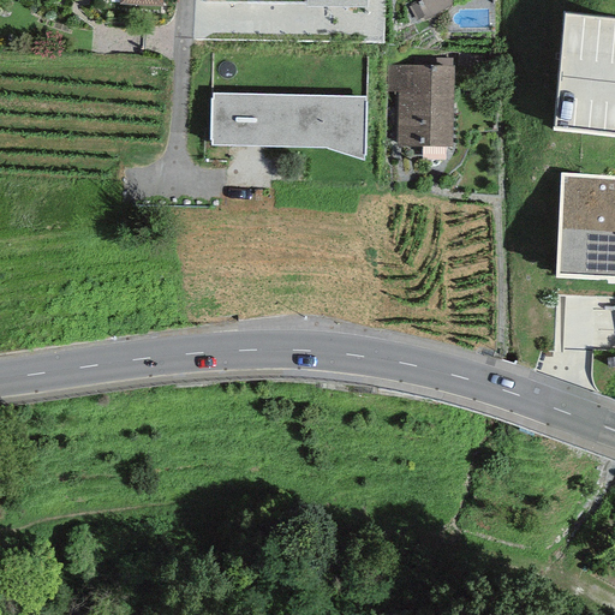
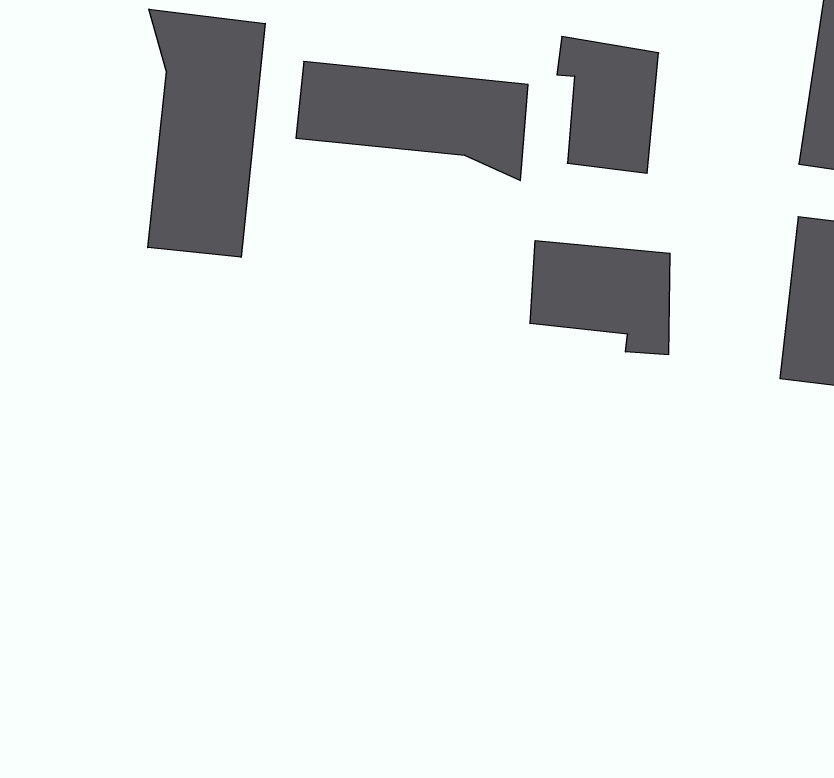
building: none -> [148,9,265,257]
building: none -> [530,241,670,355]

